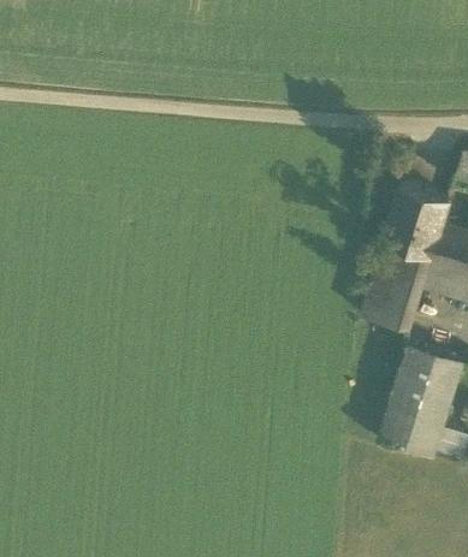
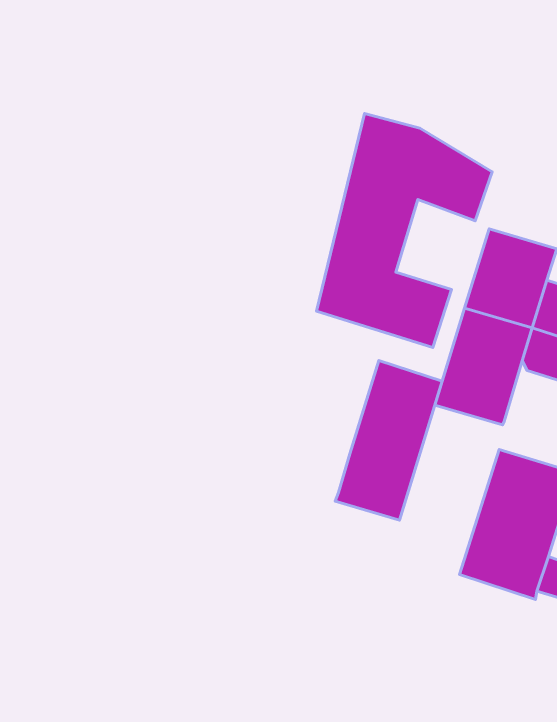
building: none -> [317,113,492,347]
building: none -> [335,361,442,520]

